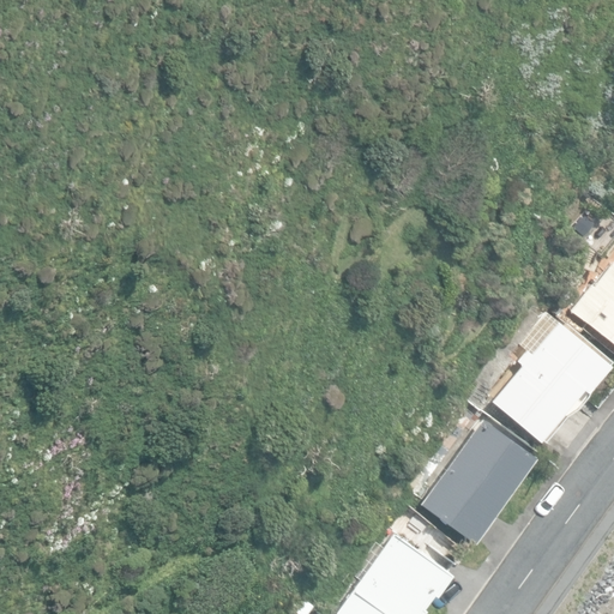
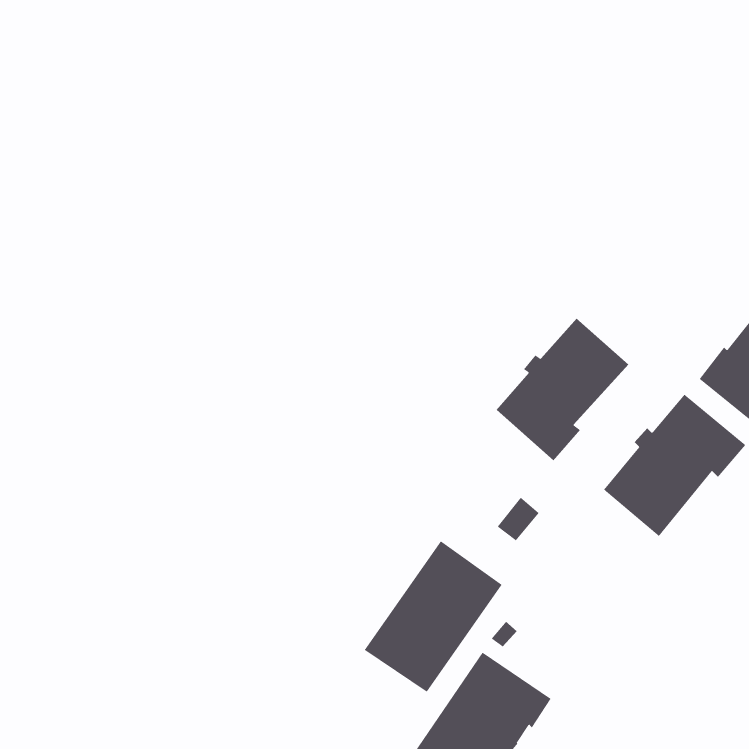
building: none -> [496,318,629,461]
building: [422,420,535,543] -> [364,541,502,692]

